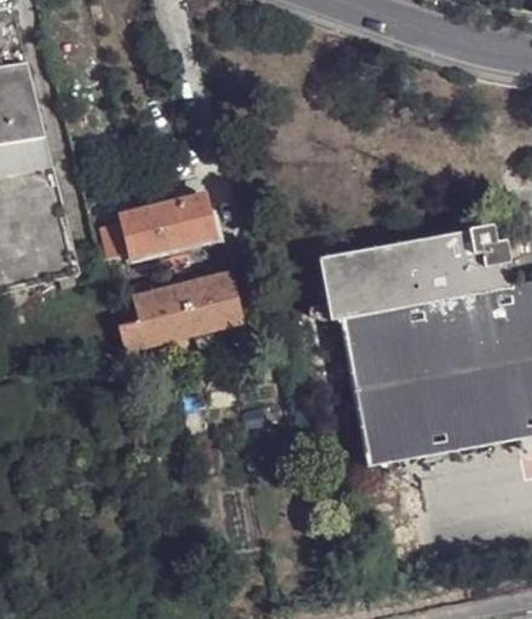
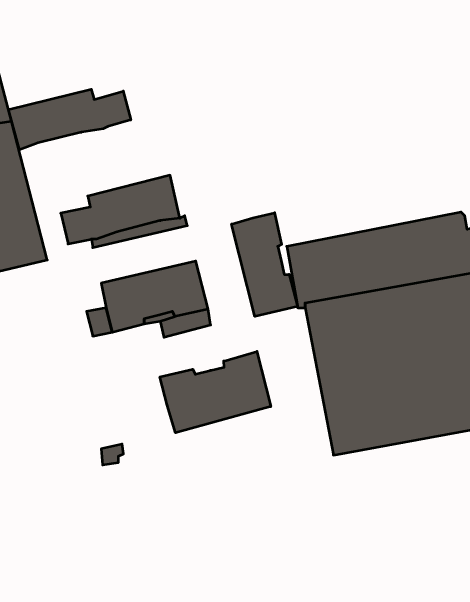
building: none -> [9,89,131,150]
building: none -> [232,213,298,316]
building: none -> [160,351,271,433]

